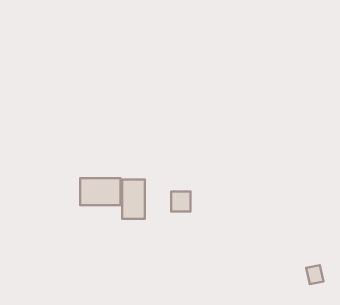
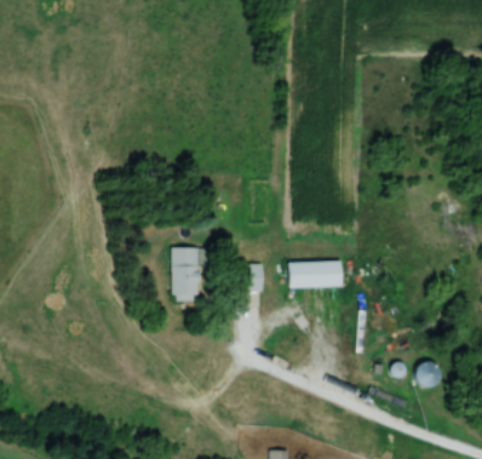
building: [80,178,120,205] -> none
building: none -> [288,262,342,287]

